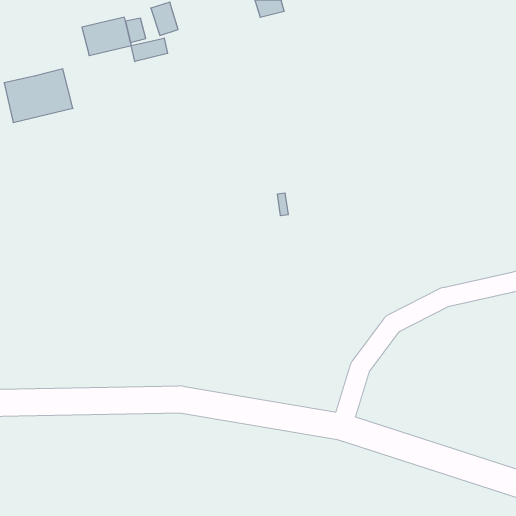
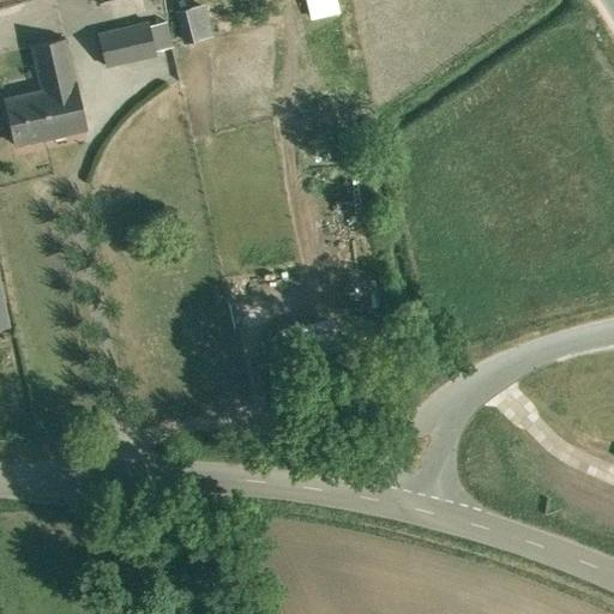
building: none -> [32,40,76,91]
building: [131,38,168,62] -> none

